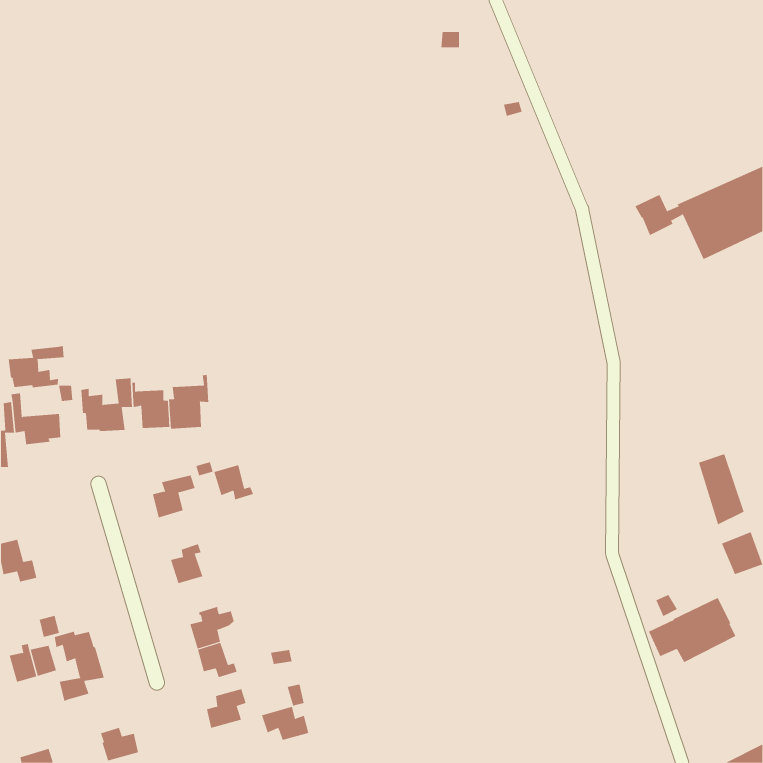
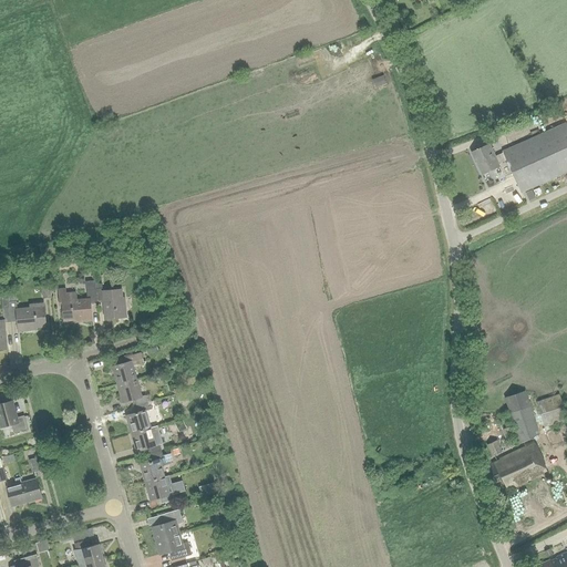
building: [8,345,64,388] -> none
building: [169,374,209,429] -> none
building: [698,454,744,525] -> [505,391,539,444]
building: [214,464,254,500] -> [117,379,147,405]
building: none -> [132,427,162,454]
building: [54,631,104,702] -> none
building: [261,706,309,741] -> [156,534,192,559]

